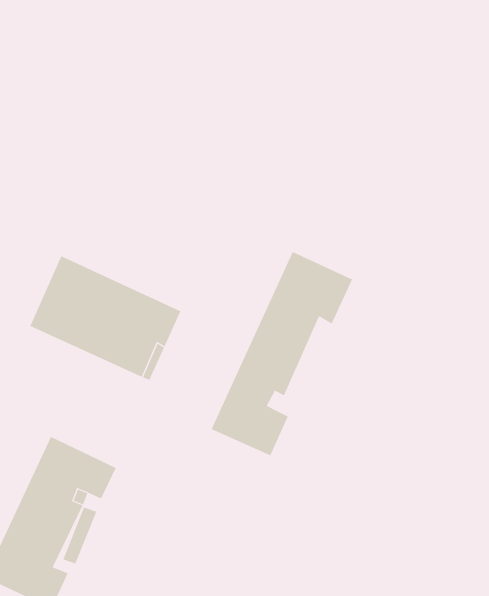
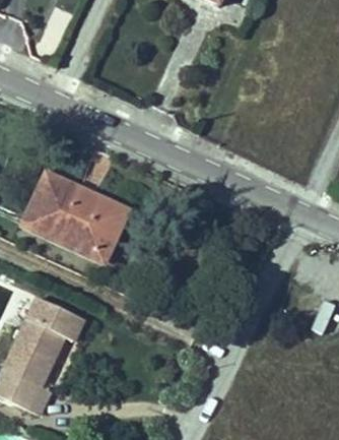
building: [211,251,353,456] -> none

